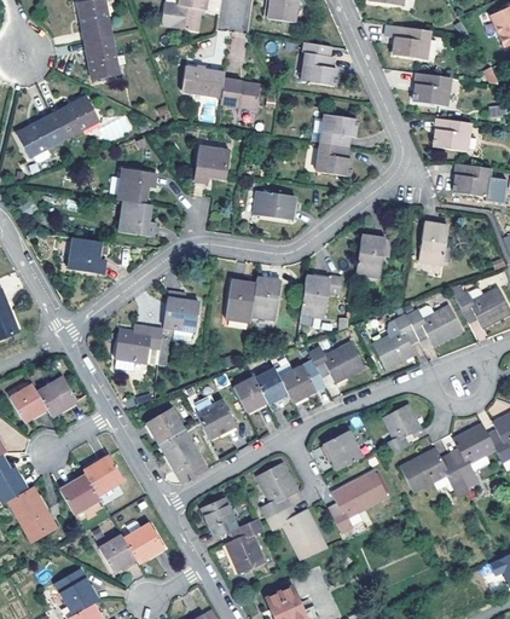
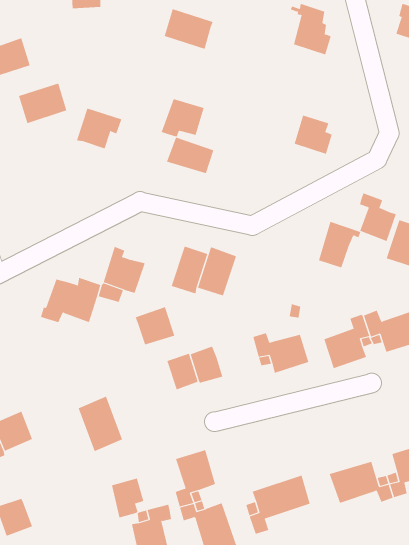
building: [220,75,259,108] -> none
building: [52,96,99,138] -> [18,83,67,124]
building: [320,112,355,145] -> none
building: [253,190,295,219] -> [166,137,214,174]
building: [120,199,155,236] -> none
building: none -> [359,193,396,242]
building: [69,237,105,273] -> none
building: [301,274,342,317] -> none
building: [279,364,315,401] -> none
building: [196,399,236,438] -> [135,306,175,345]
building: [382,403,421,455] -> none
building: [146,407,184,444] -> none
building: [323,430,363,470] -> none
building: [124,520,164,562] -> none

